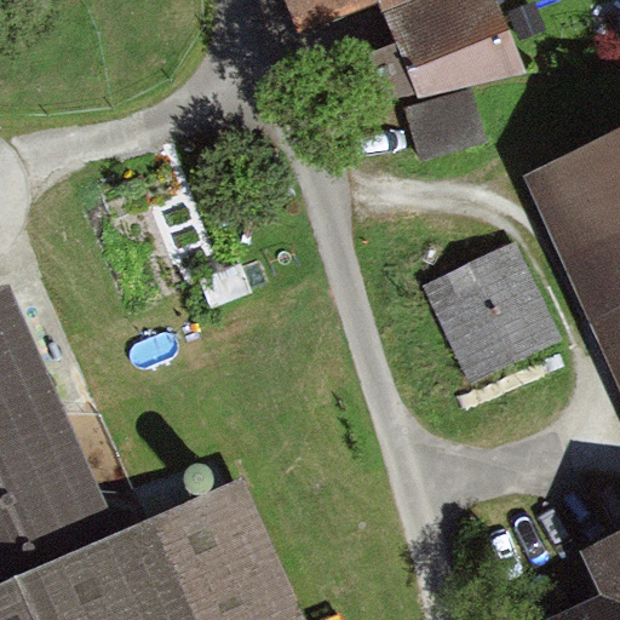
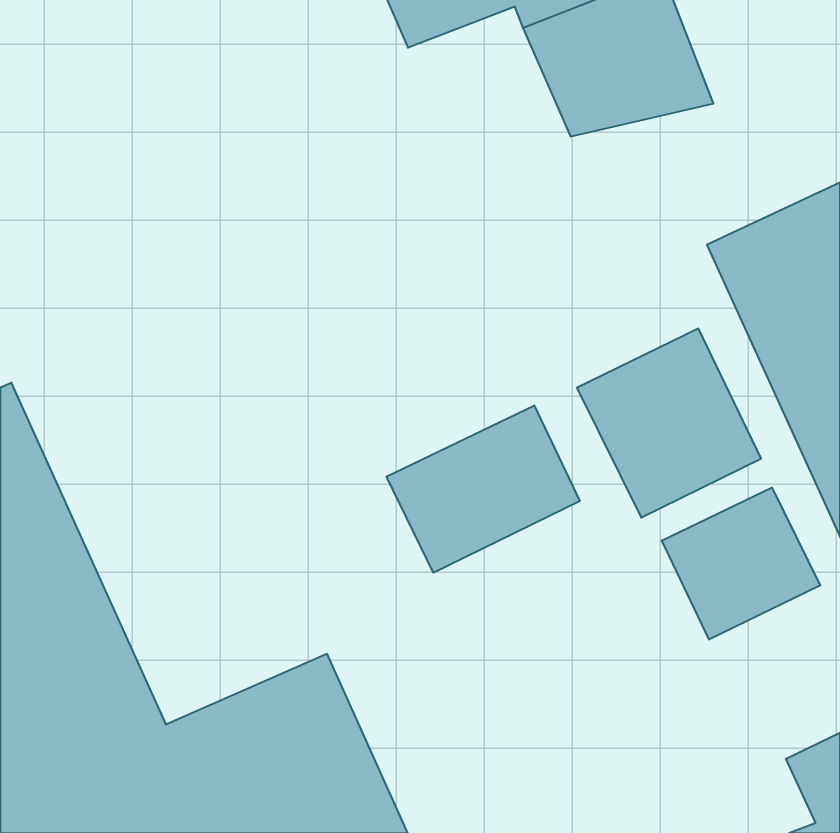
building: none -> [387,405,580,573]
building: none -> [662,488,820,640]

